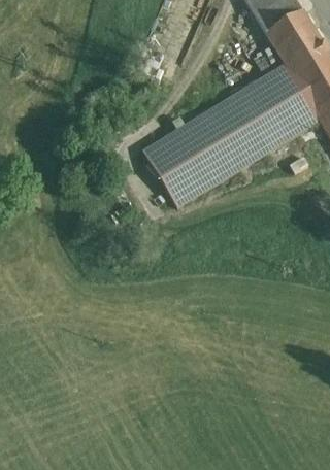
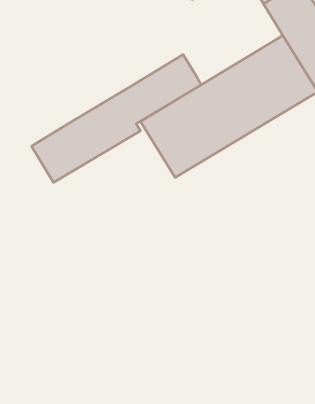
building: none -> [31,55,202,182]

